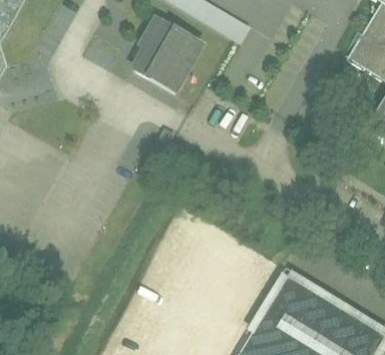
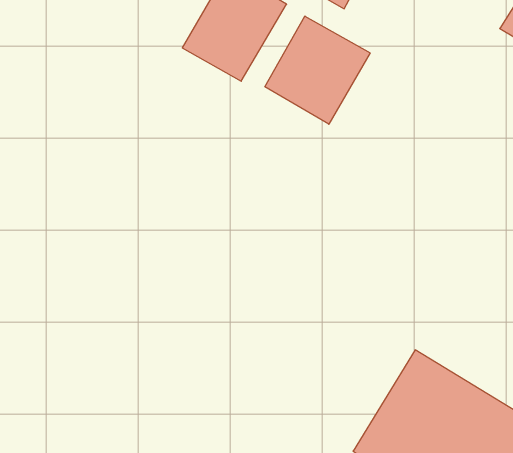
building: none -> [265,16,370,124]

